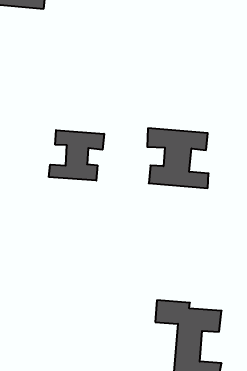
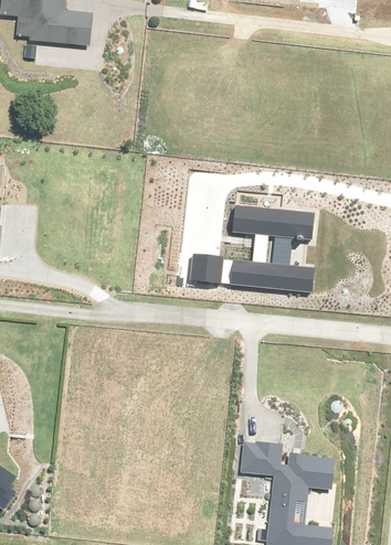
building: [49,130,104,181] -> none
building: none -> [190,256,220,281]

